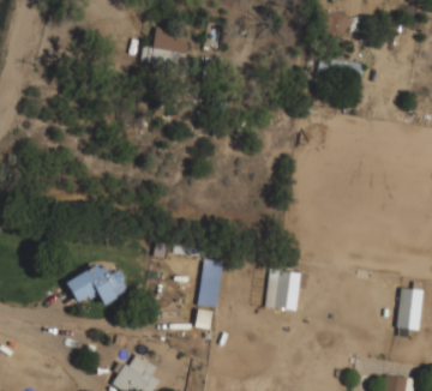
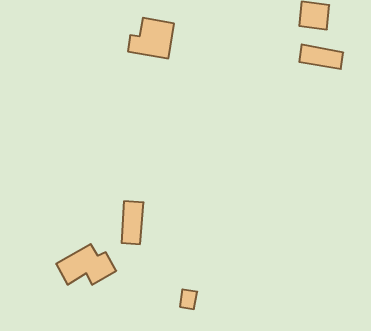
building: [199,261,222,306] -> [122,201,144,244]
building: [266,270,298,308] -> none

